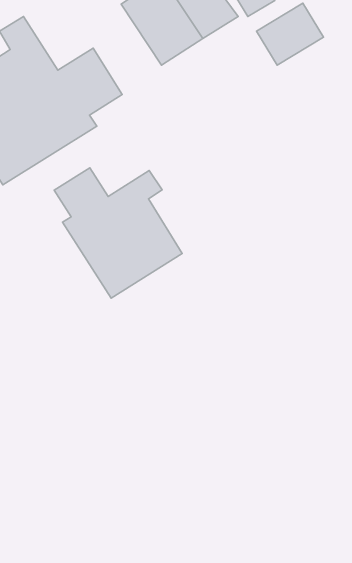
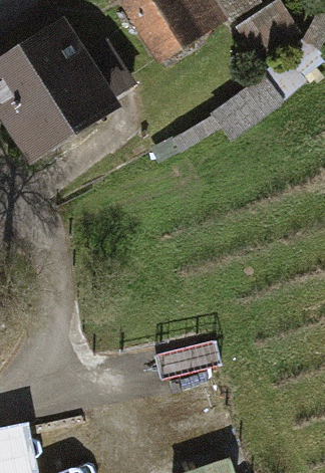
building: [54,168,182,298] -> none

